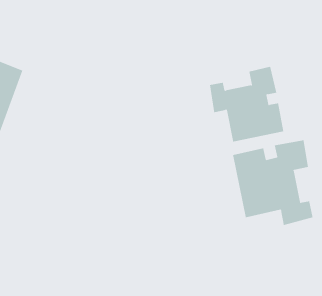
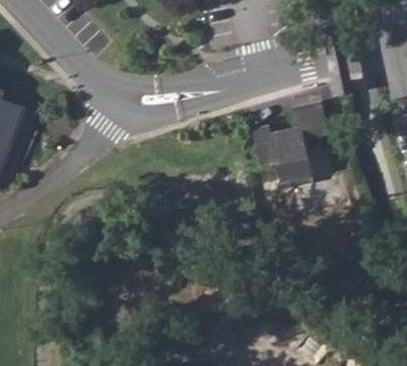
building: [232,140,313,226] -> none

